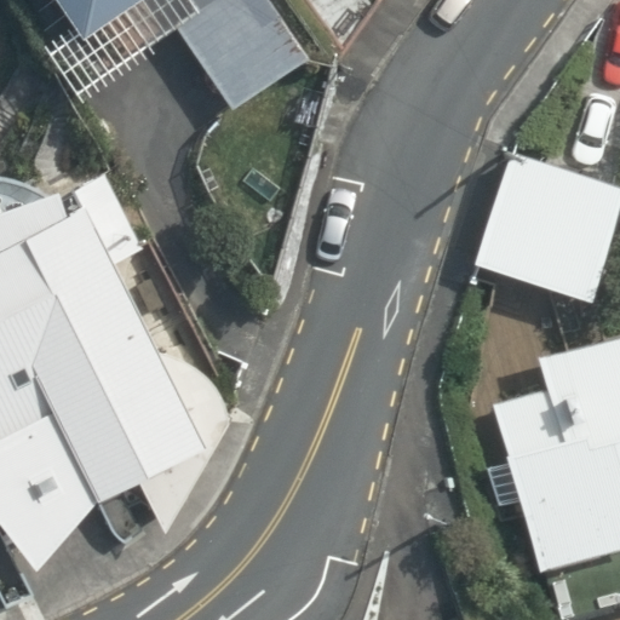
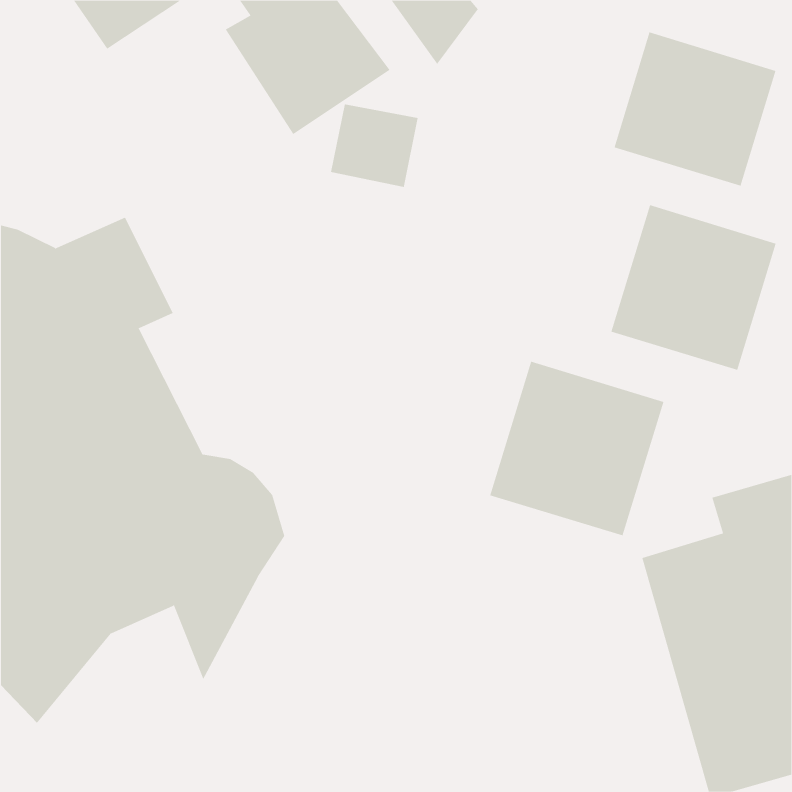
building: none -> [614,32,776,186]
building: none -> [490,361,664,536]

